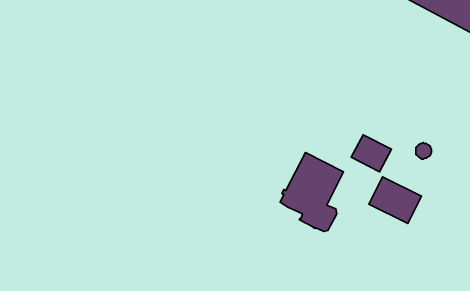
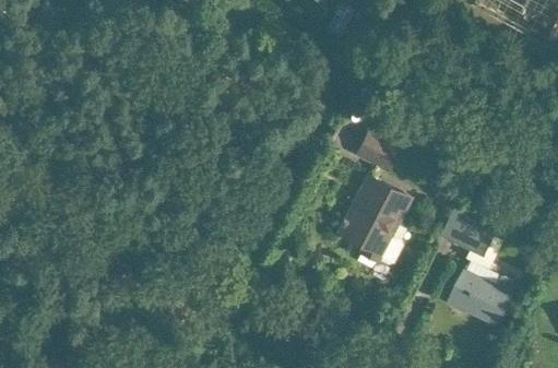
building: [351,135,391,172] -> [355,132,400,174]
building: none -> [447,263,512,325]

